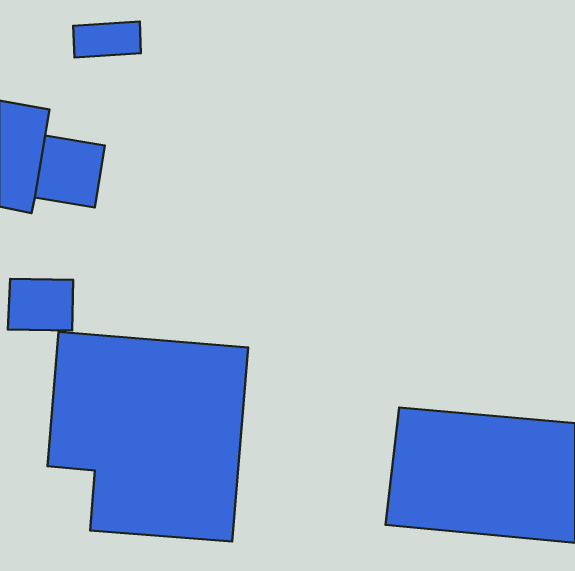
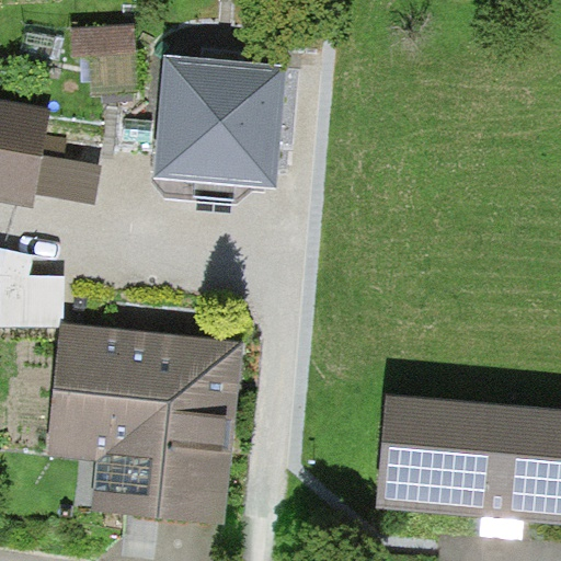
building: none -> [153,56,288,192]

